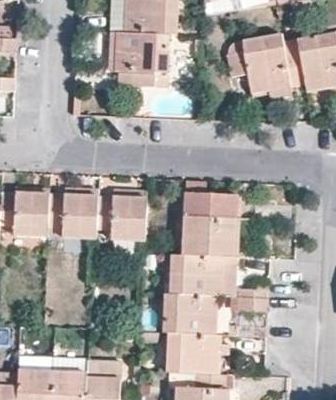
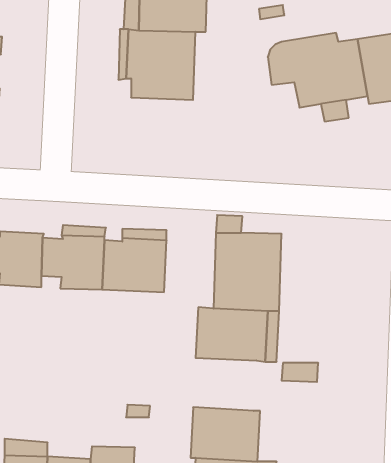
building: [162,291,218,333] -> none

